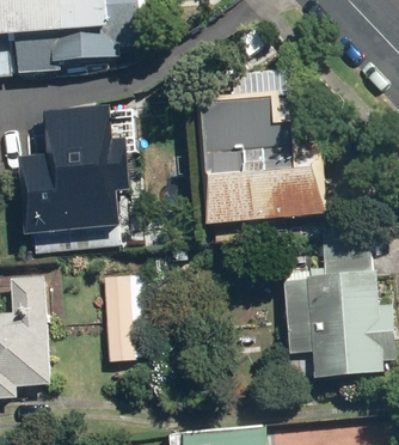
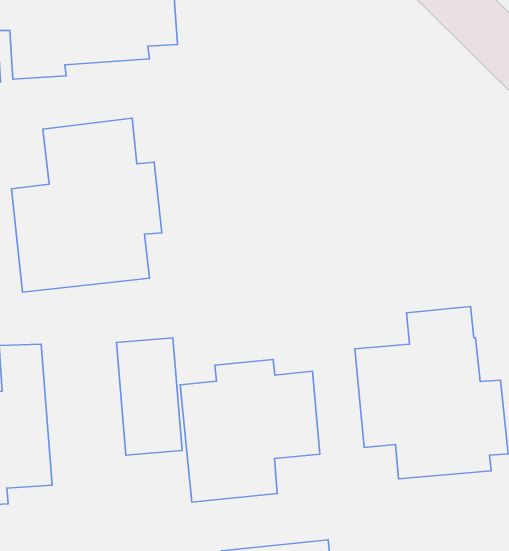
building: [197,90,305,225] -> none
building: none -> [180,359,320,502]

